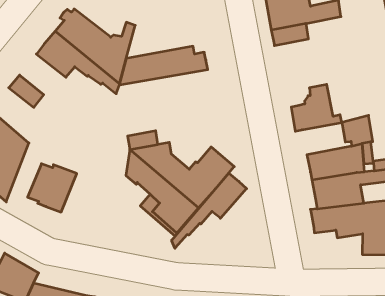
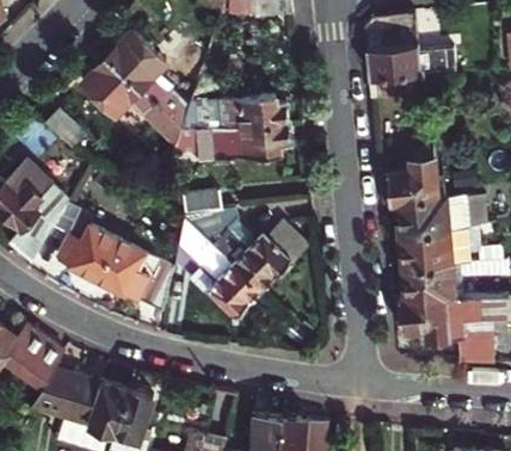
building: none -> [174,122,289,168]
building: none -> [396,199,455,235]
building: [172,173,247,248] -> none
building: none -> [96,235,173,313]

